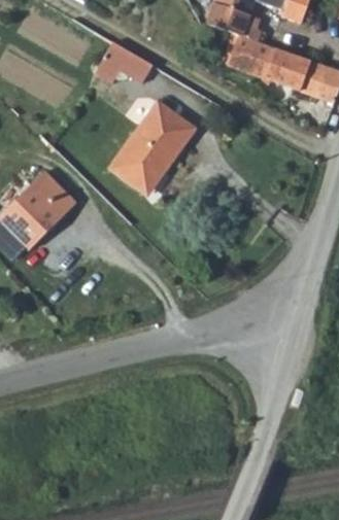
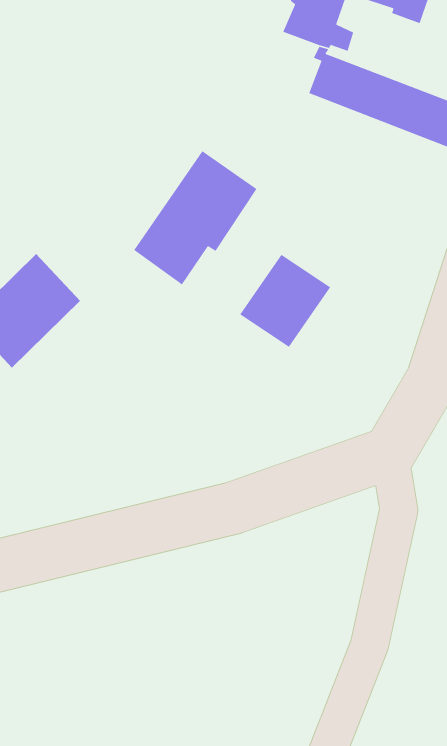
building: [94,40,154,81] -> none
building: none -> [239,254,331,348]

